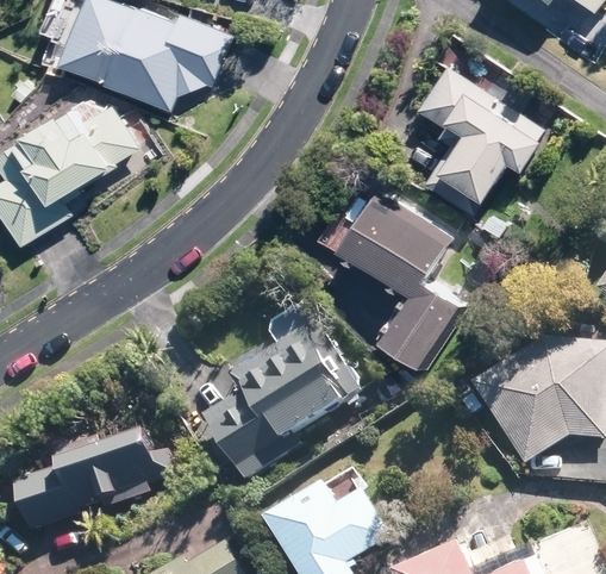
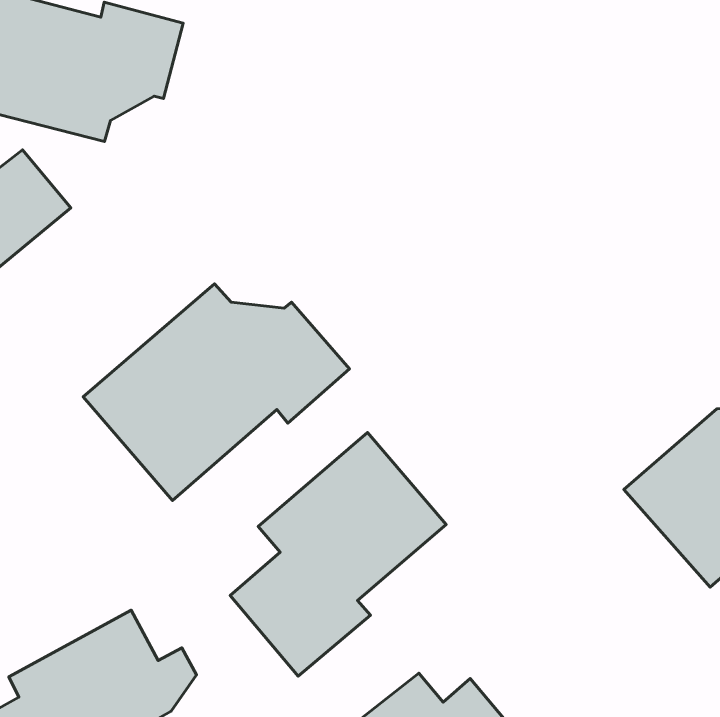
building: [418,69,543,214] -> none
building: [342,194,458,364] -> none
building: none -> [83,284,350,501]

